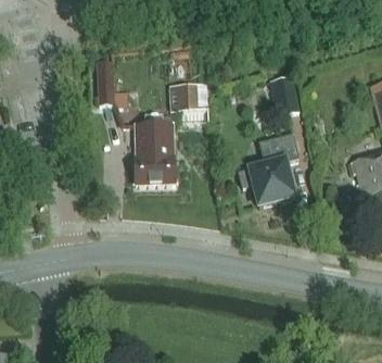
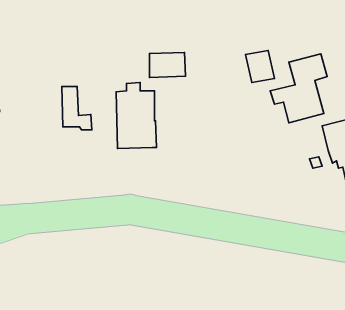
building: [97,61,128,107] -> [62,87,92,130]
building: [239,133,298,205] -> [270,54,327,123]

